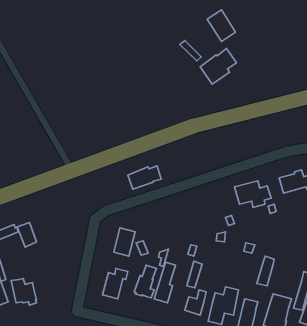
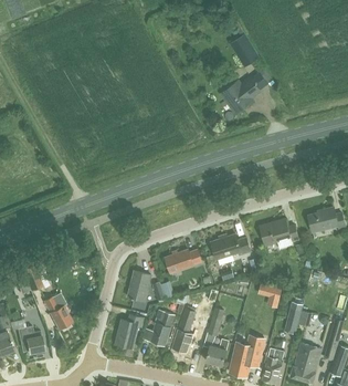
building: [128,166,161,189] -> [166,248,202,273]
building: none -> [211,233,252,259]
building: none -> [43,295,73,328]

